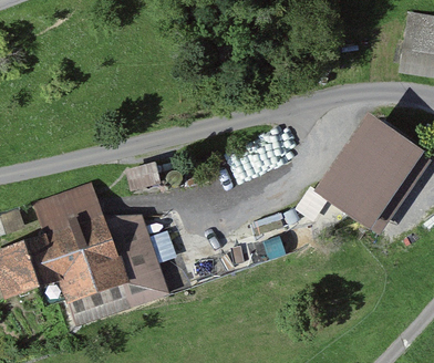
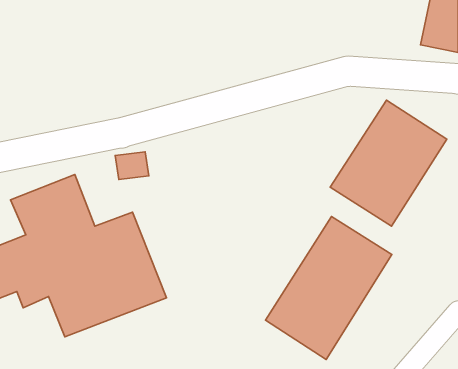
building: none -> [265,217,392,359]

